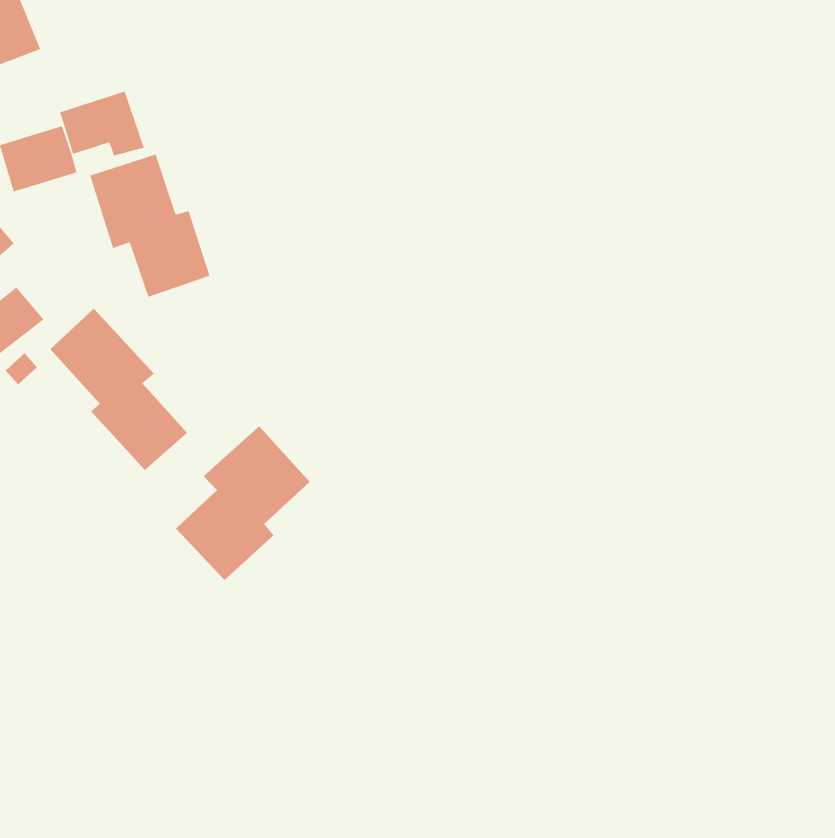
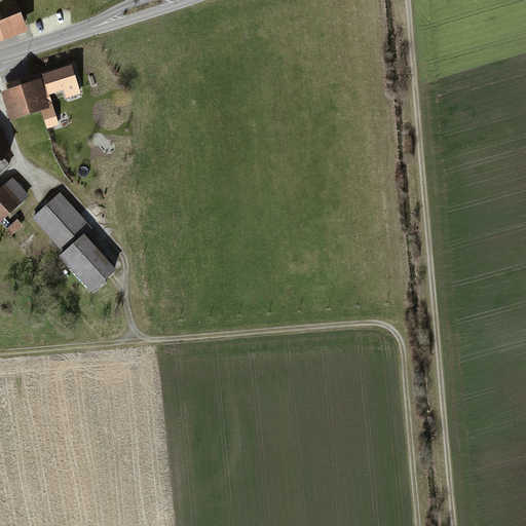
building: [89,154,211,298] -> none
building: [175,425,310,581] -> none

